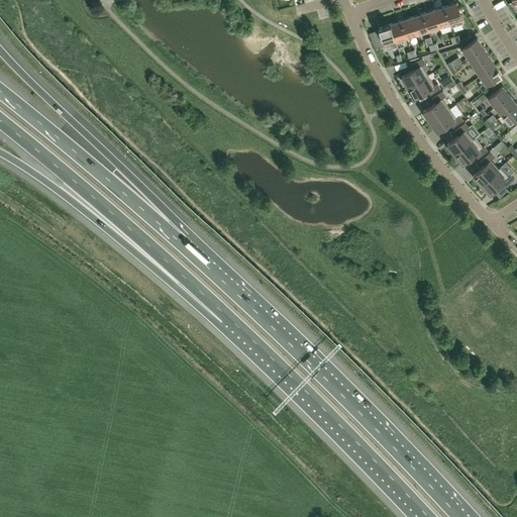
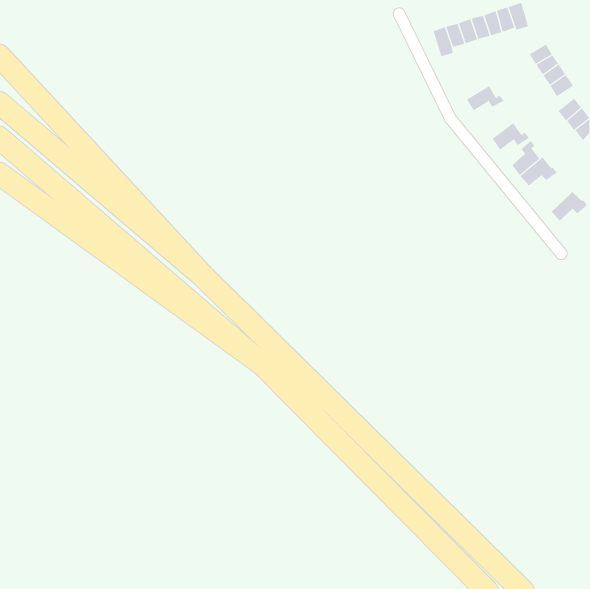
building: [401,59,427,89] -> none
building: [422,92,448,123] -> none
building: [473,154,498,187] -> none

